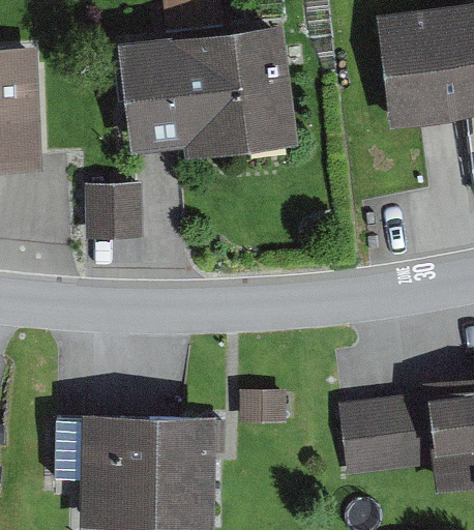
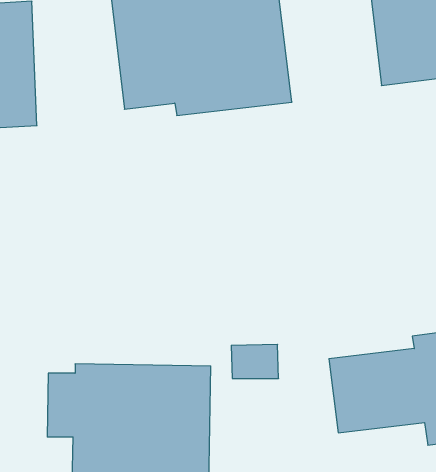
building: [85,184,144,242] -> none

